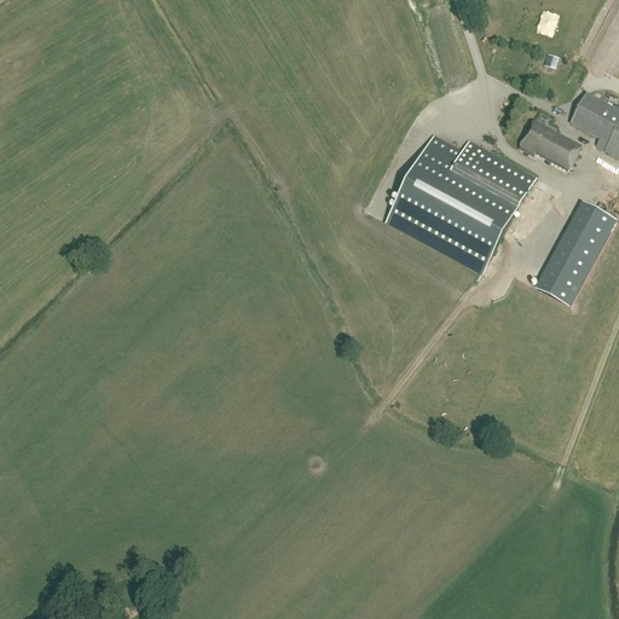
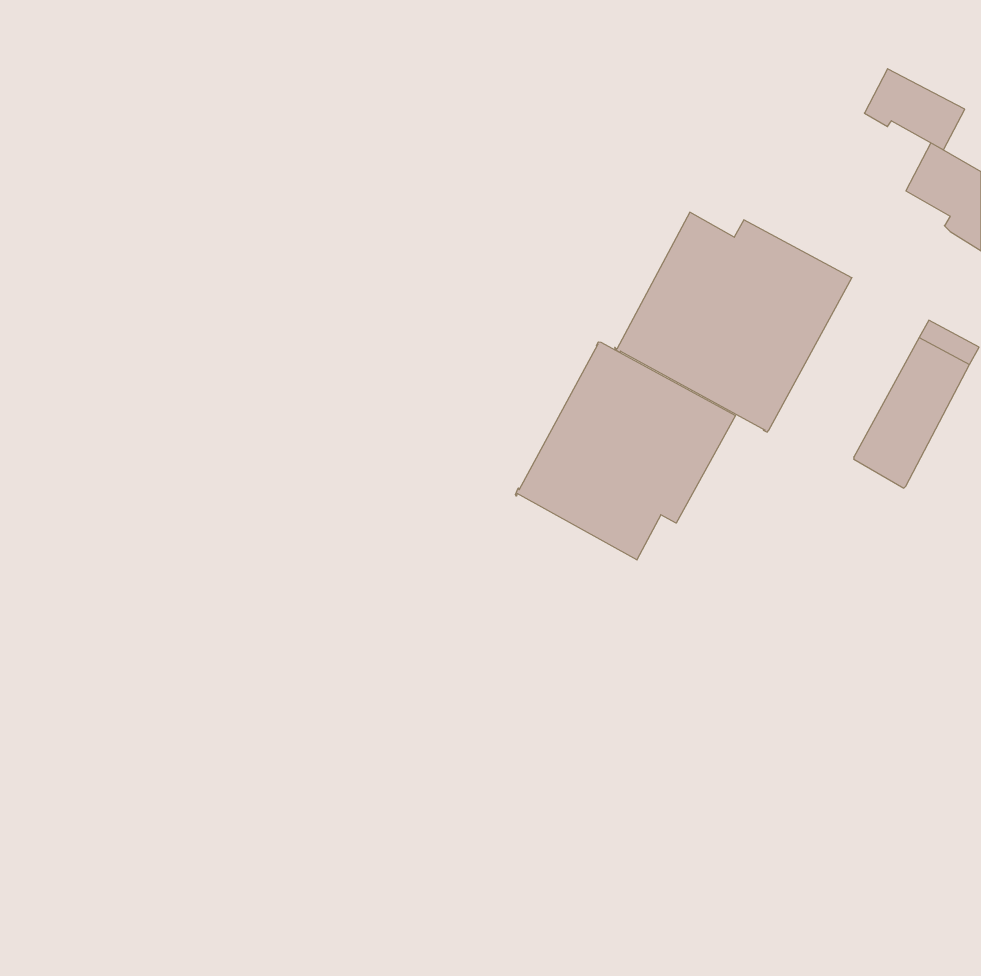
building: [517,117,580,168] -> [864,69,965,150]
building: none -> [515,342,735,560]

